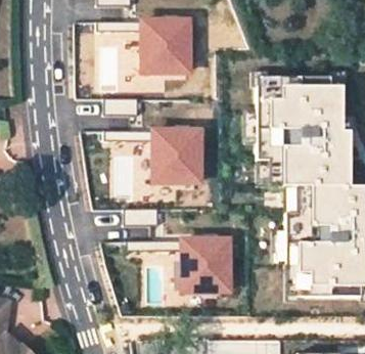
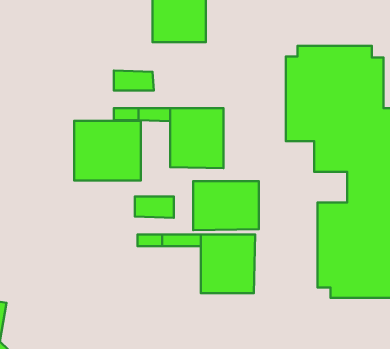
building: none -> [74,121,141,181]
building: none -> [193,181,259,230]

